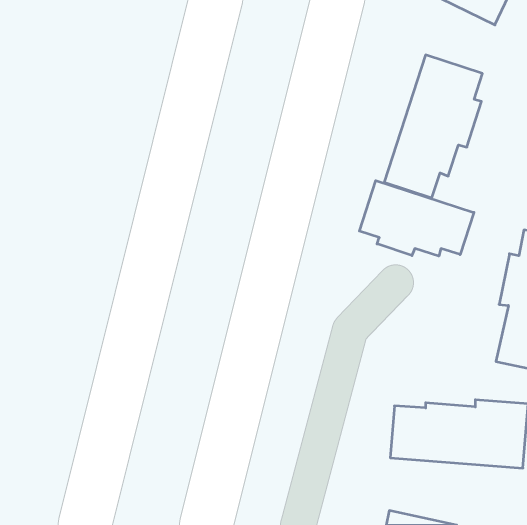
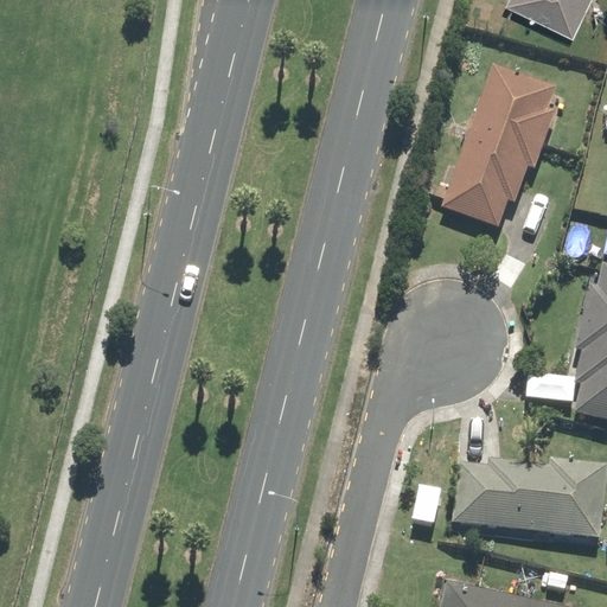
building: [359,181,474,256] -> none

